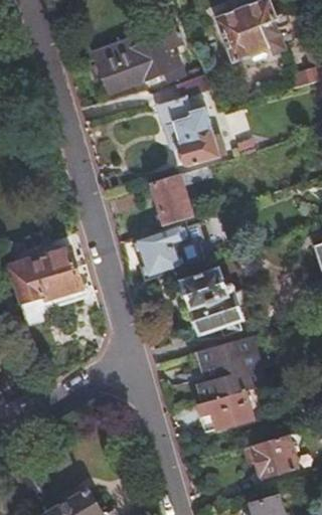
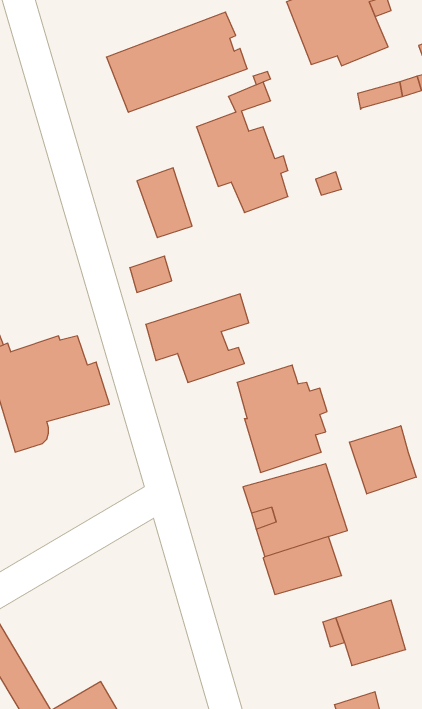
building: [151,174,189,222] -> [137,168,192,238]
building: none -> [349,426,416,494]

